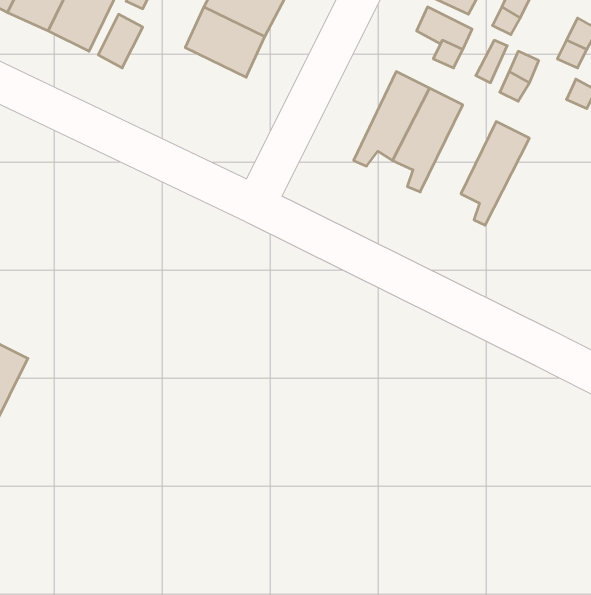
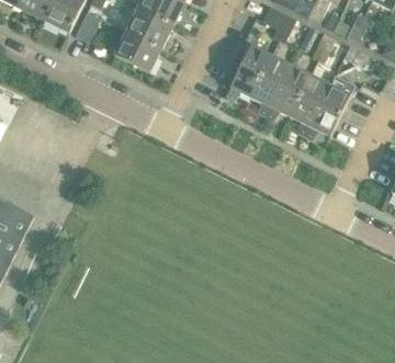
building: none -> [114,30,162,71]
building: none -> [266,64,311,120]
building: none -> [304,73,354,139]

